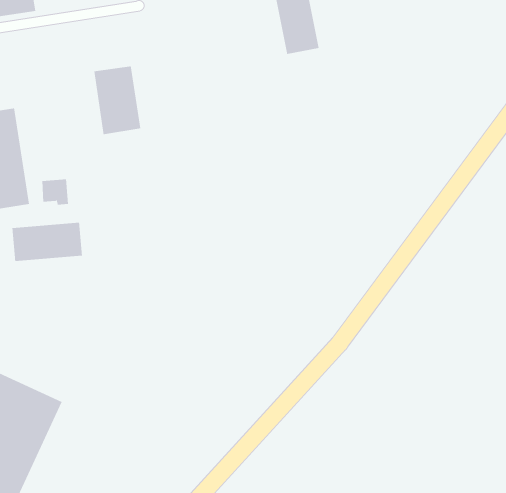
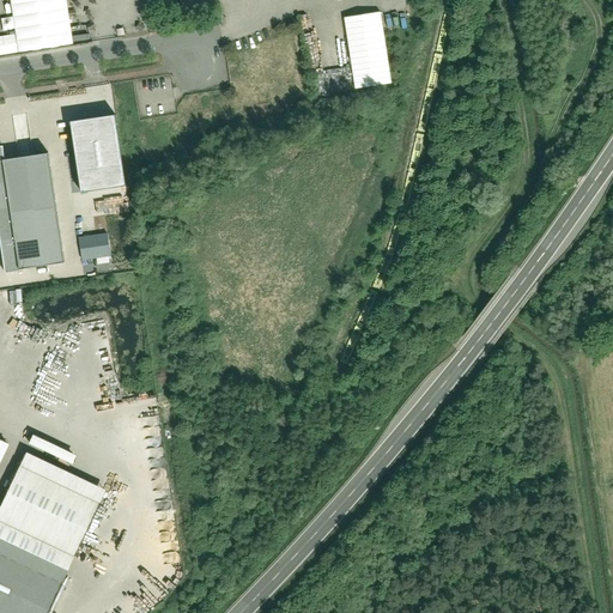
building: [93,66,141,135] -> [69,116,123,194]
building: [12,222,83,262] -> none

